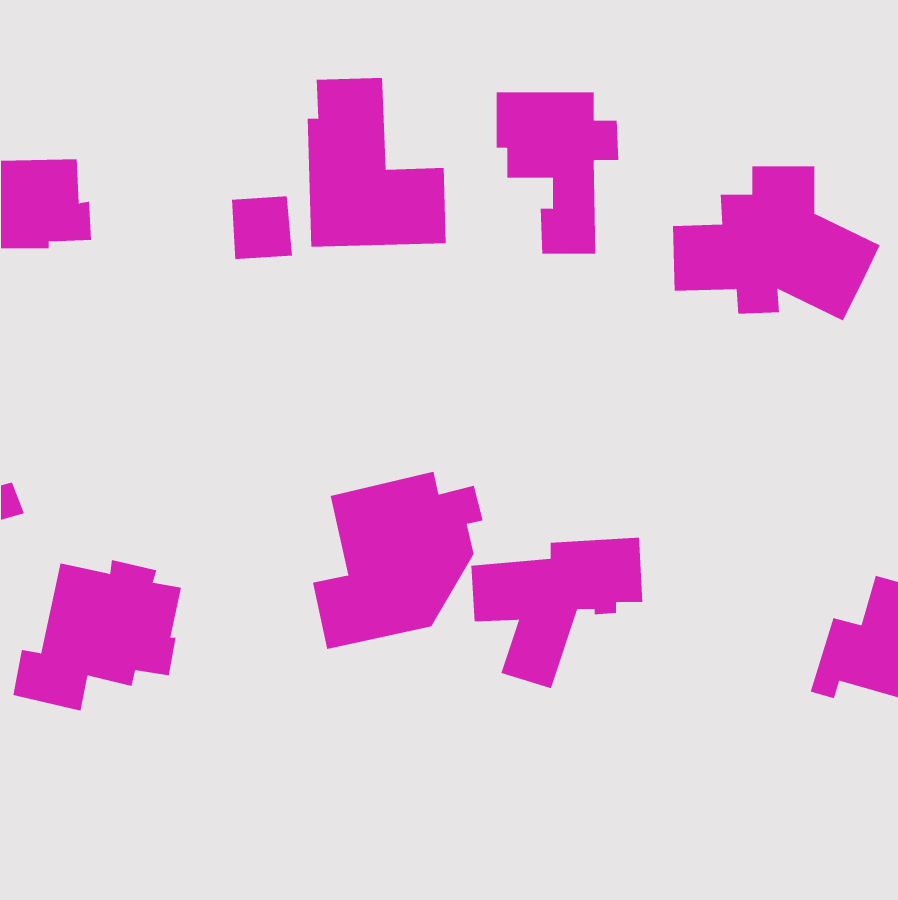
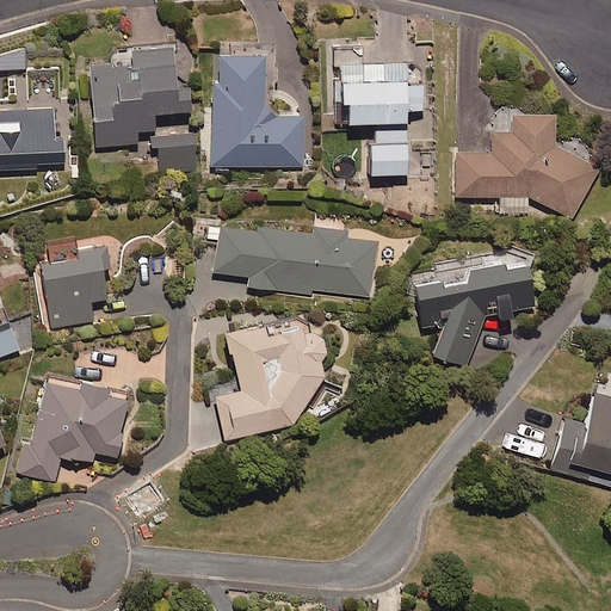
building: none -> [94,42,198,148]
building: none -> [215,224,376,295]
building: none -> [39,245,111,329]
building: [470,537,643,689] -> [413,264,530,366]

